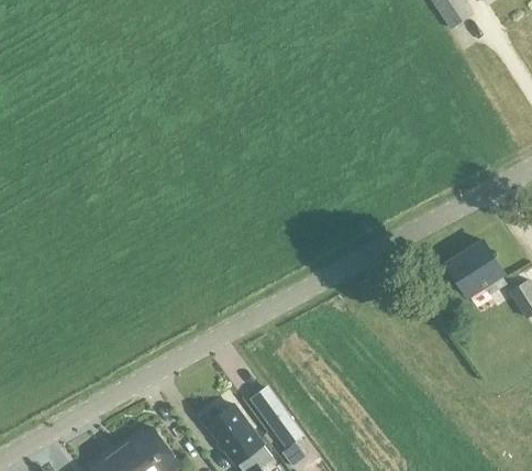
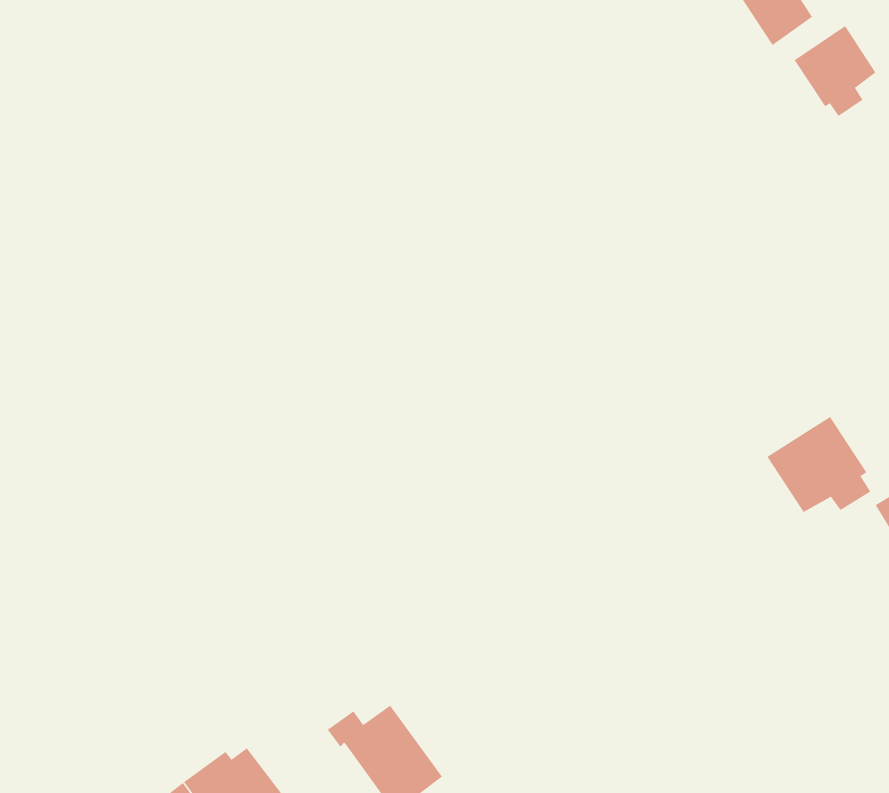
building: none -> [794,25,876,117]
building: [251,386,303,447] -> none

